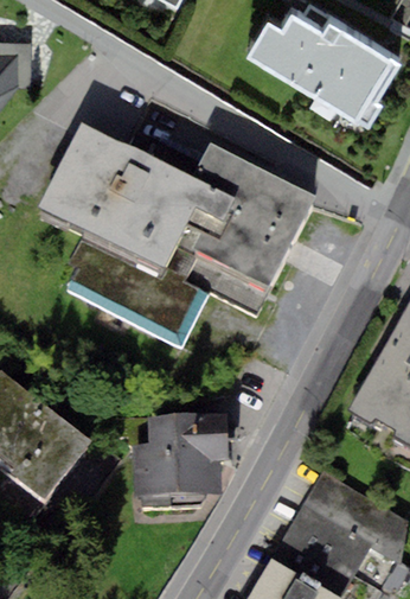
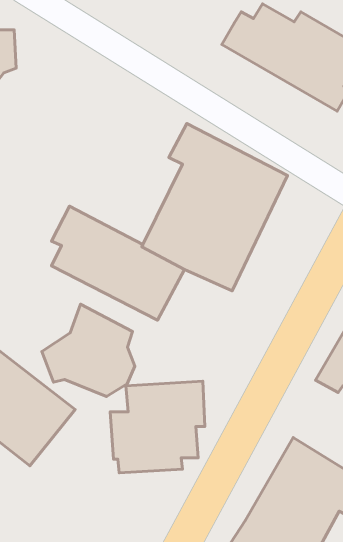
building: [37,122,205,268] -> none
building: none -> [42,304,135,397]

